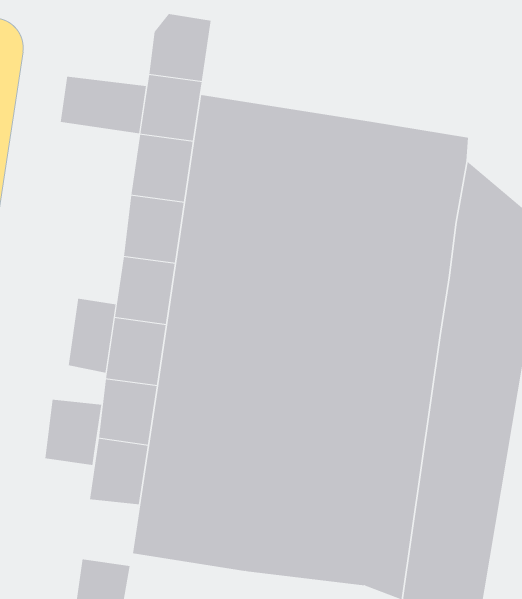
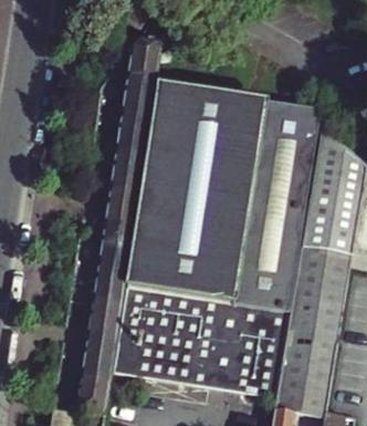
building: [60,76,146,134] -> none
building: [68,298,116,374] -> none
building: [45,399,102,466] -> [83,333,118,374]

